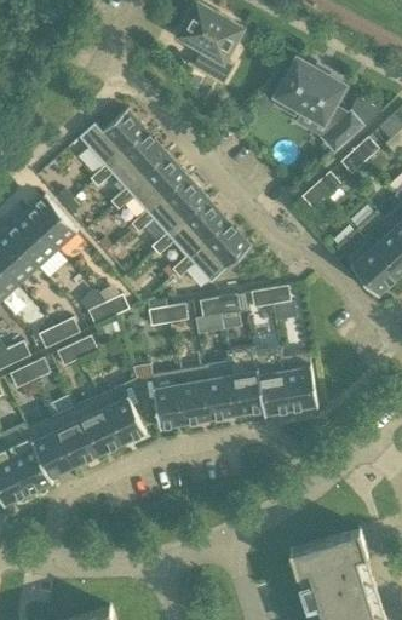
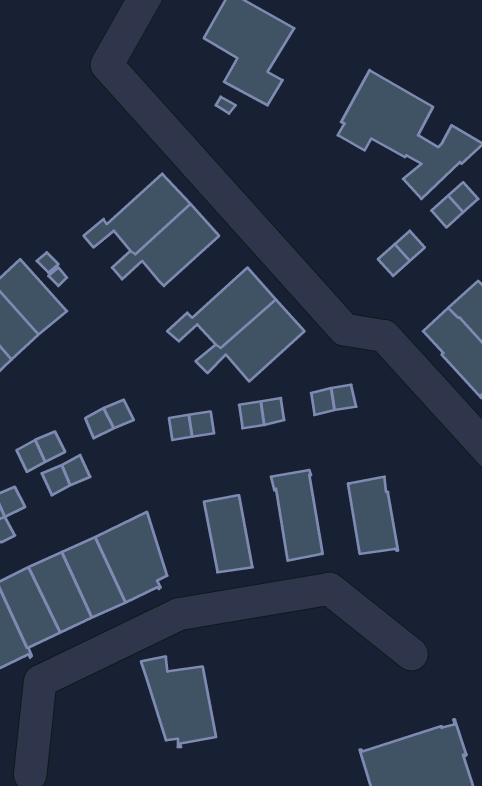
building: [77,109,147,170] -> none
building: [130,178,208,237] -> none
building: [253,346,289,415] -> none
building: [202,361,237,418] -> none
building: [132,363,186,429] -> [141,657,216,747]

